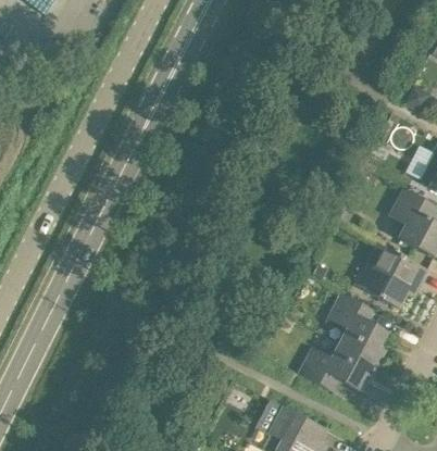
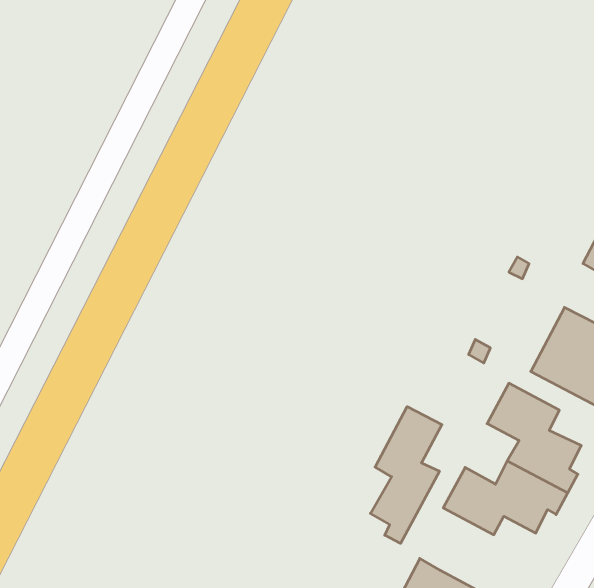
building: none -> [370,407,442,543]

